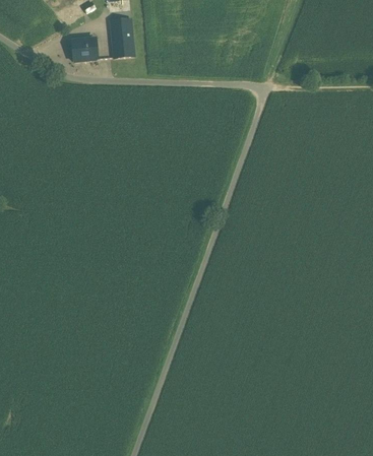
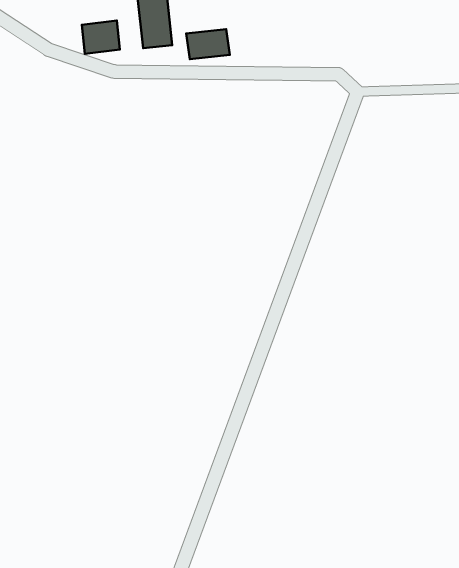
building: none -> [186,29,230,59]

